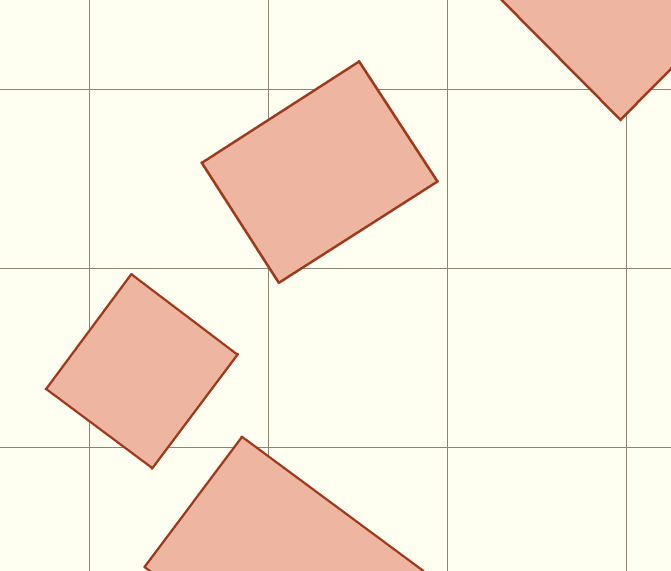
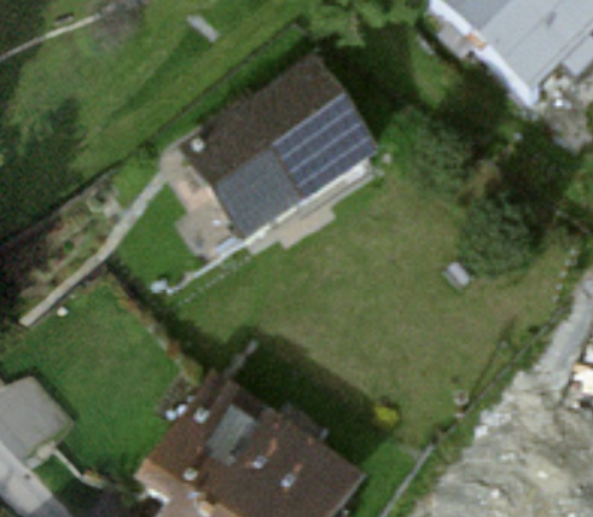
building: [46,274,238,468] -> none

